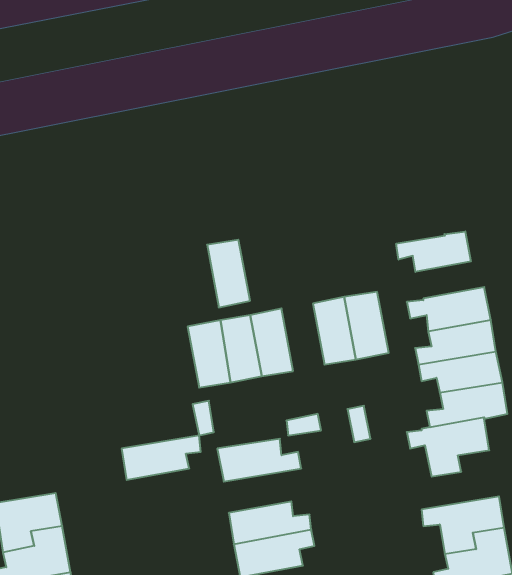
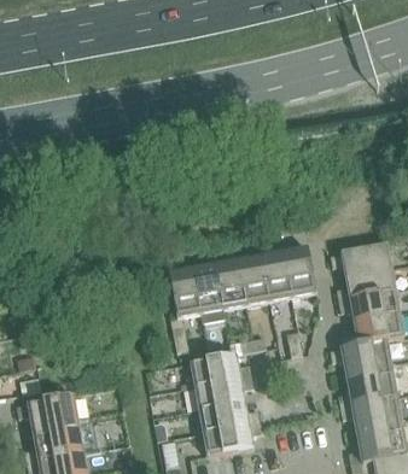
building: [396,231,471,272] -> none
building: [207,240,250,307] -> [238,256,269,305]
building: [122,435,201,480] -> [196,376,253,409]
building: none -> [338,363,397,406]

